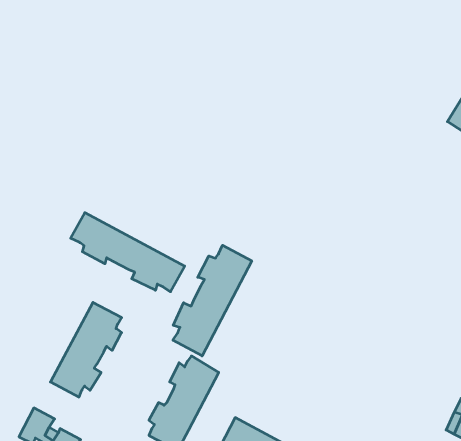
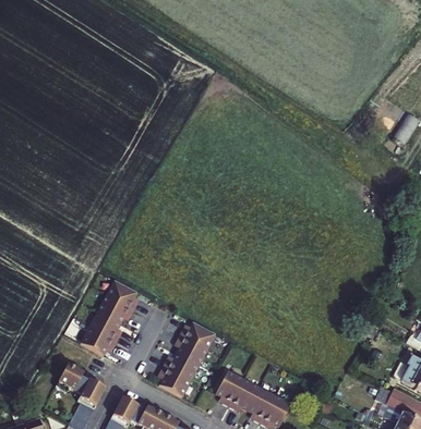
building: [71,213,185,292] -> none
building: [173,245,252,356] -> none

